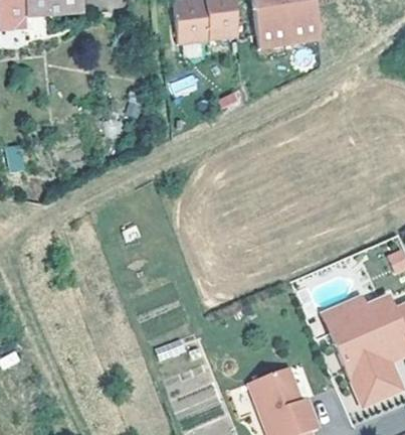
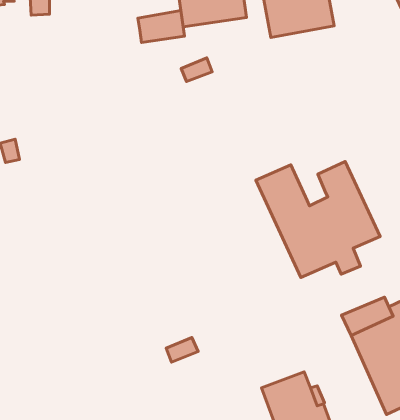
building: none -> [138,10,184,42]
building: none -> [256,162,380,278]

